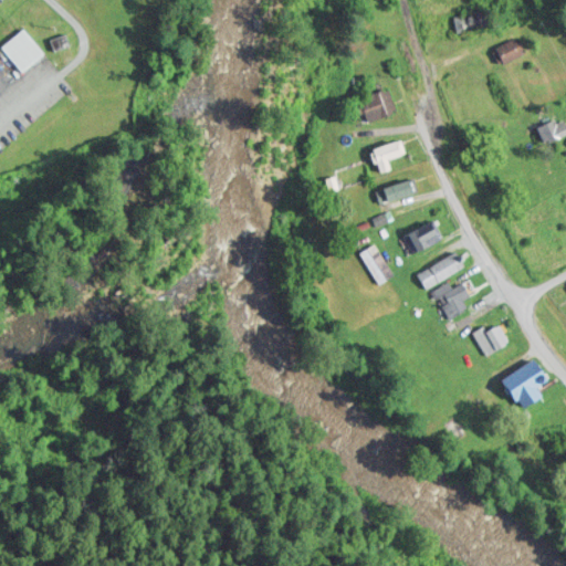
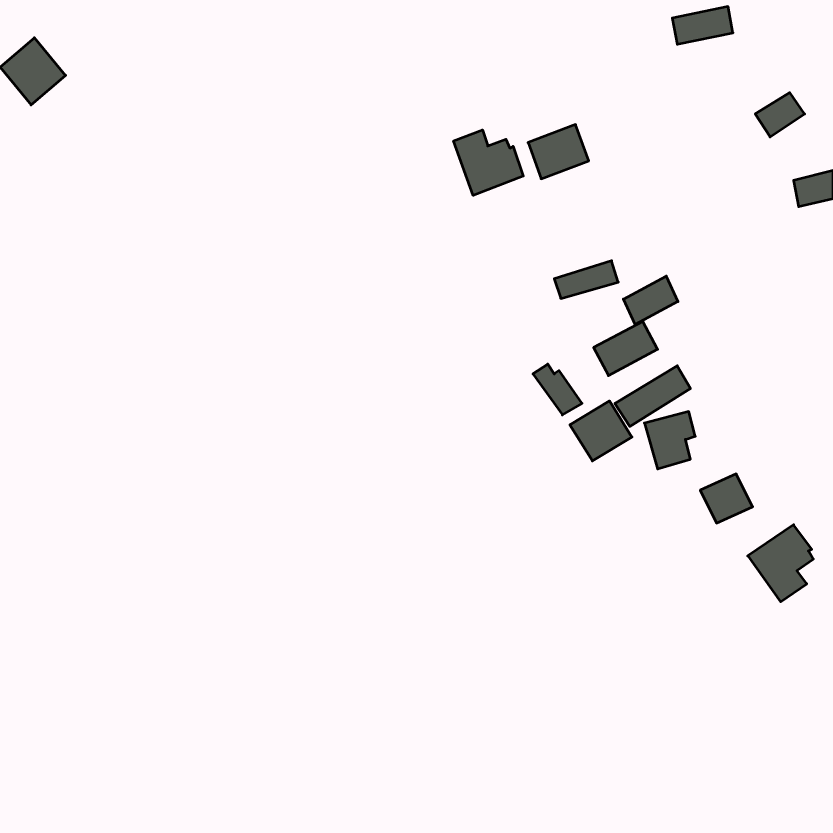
building: [491,36,524,66] -> [755,93,805,137]
building: none -> [454,130,523,195]
building: [369,142,405,175] -> none
building: none -> [623,276,678,324]
building: none -> [570,401,632,461]

